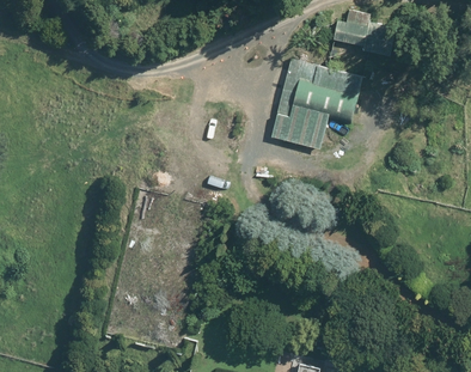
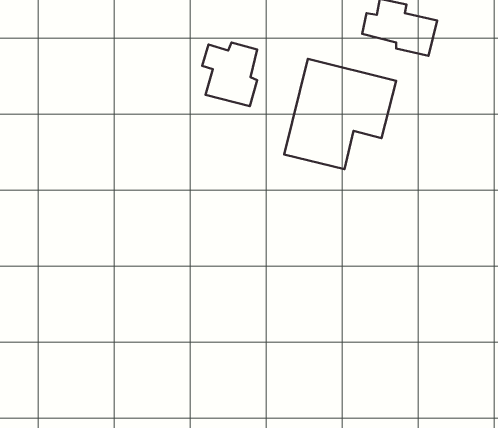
building: none -> [202,43,257,106]

